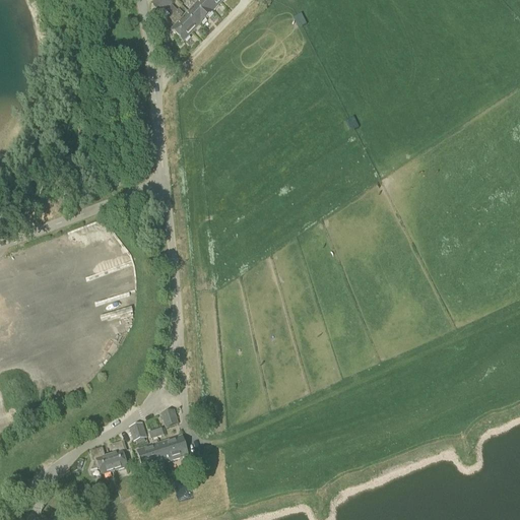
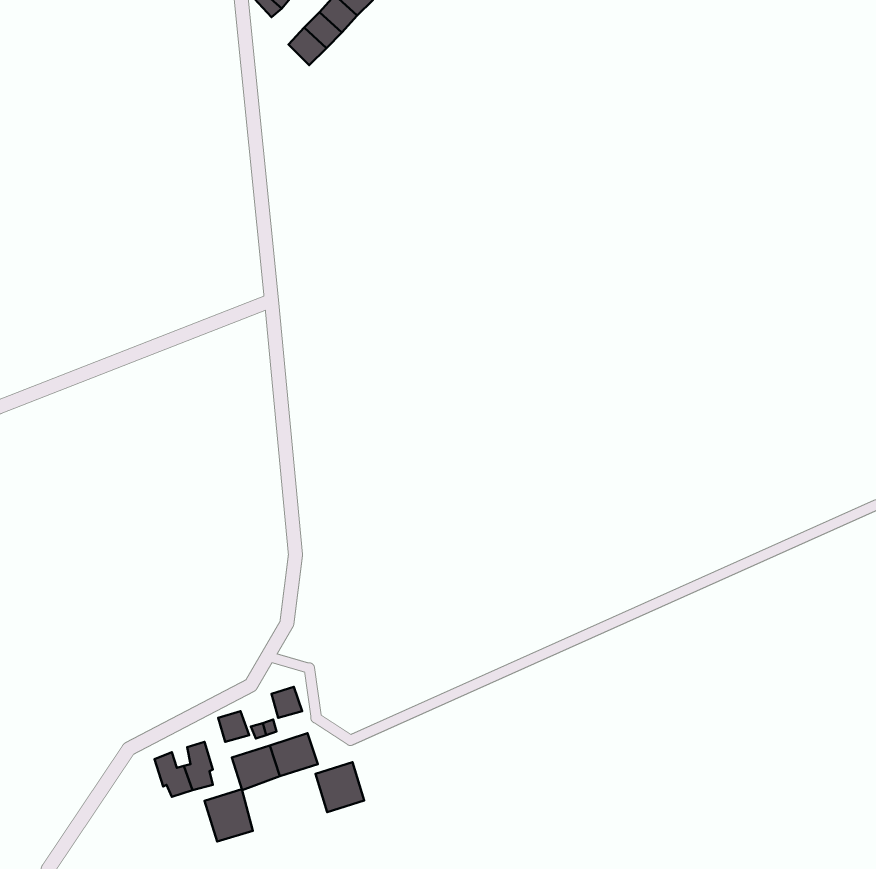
building: none -> [315,762,364,812]
building: none -> [205,789,253,841]

